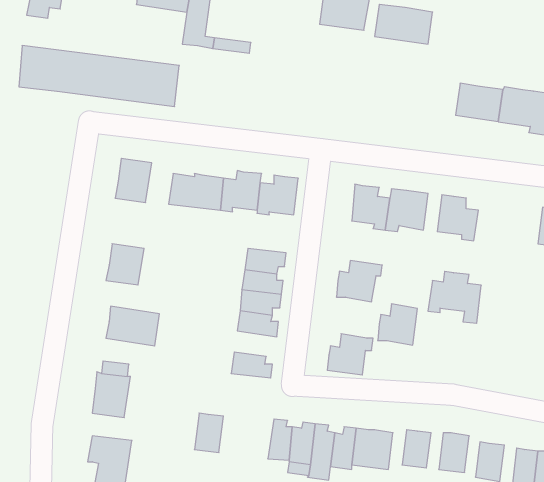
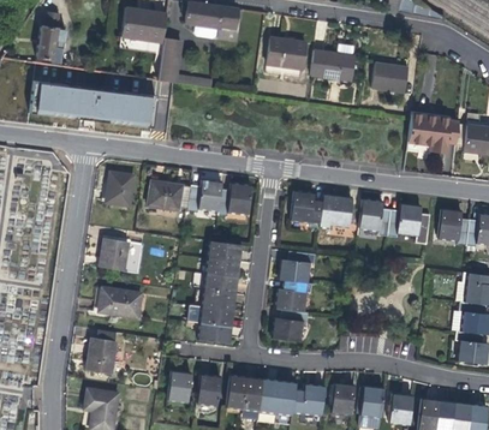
building: [456,83,503,121] -> [371,62,409,92]
building: [428,271,481,323] -> [388,204,430,245]
building: [378,304,417,345] -> [276,280,308,312]
building: none -> [187,305,233,327]
building: none -> [197,375,220,406]

